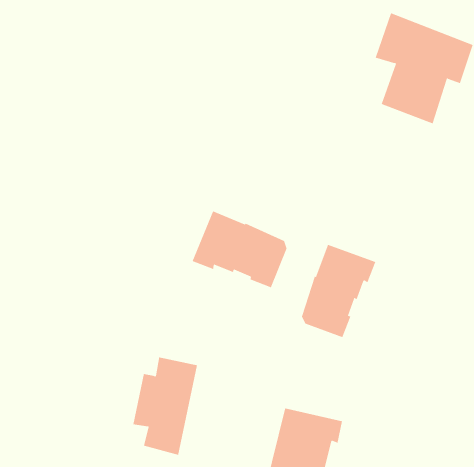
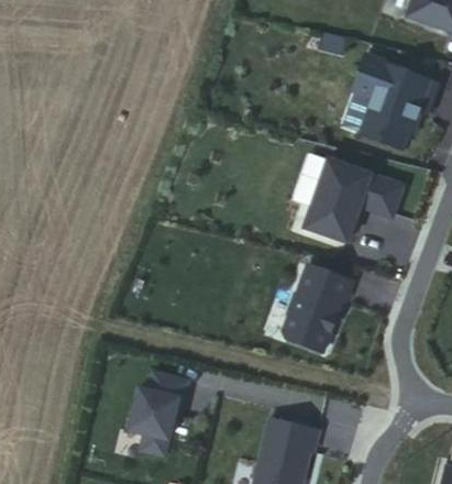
building: none -> [304,155,404,245]
building: [192,211,287,288] -> none

